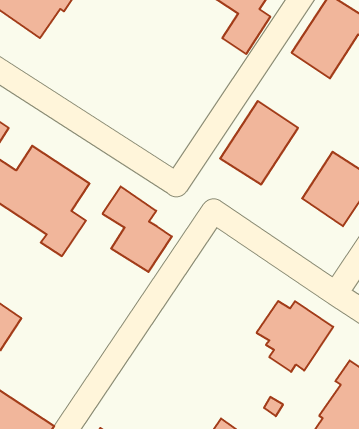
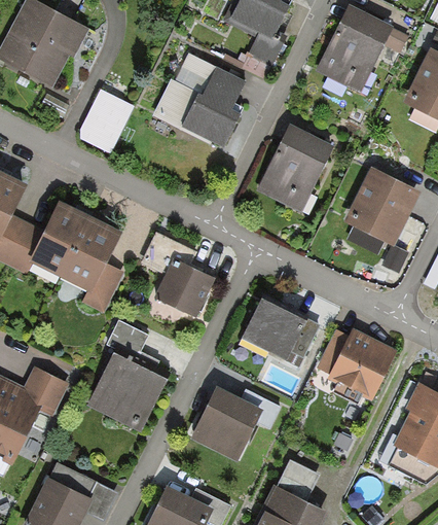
building: none -> [154,52,246,147]
building: none -> [80,87,136,153]
building: none -> [242,300,319,366]
building: none -> [88,320,167,430]
building: none -> [189,386,282,463]

